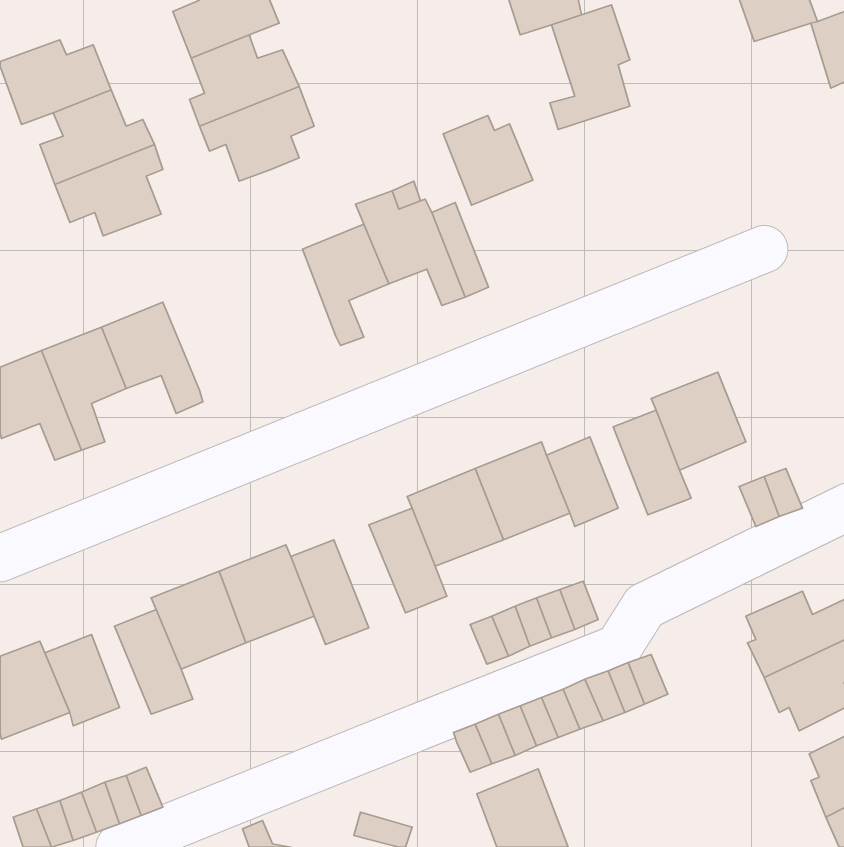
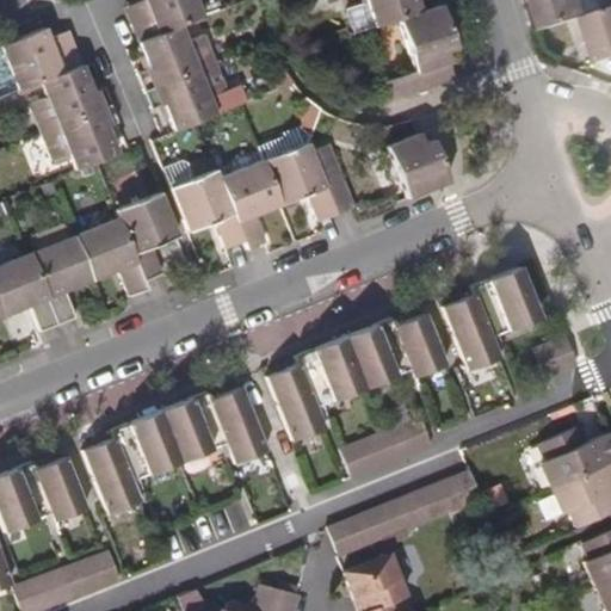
building: [443,116,533,205] -> [387,135,451,199]
building: none -> [173,171,245,248]
building: none -> [118,192,180,280]

